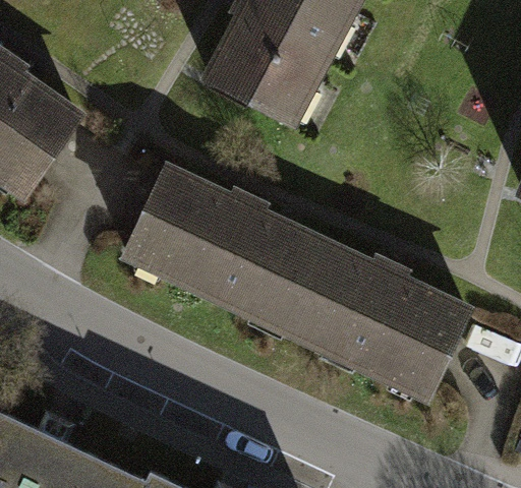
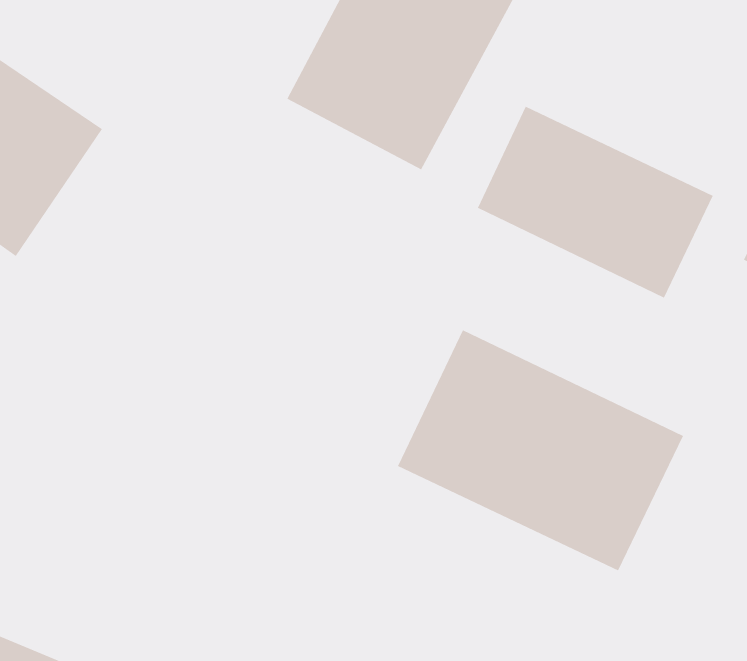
building: none -> [477,106,713,299]
building: [128,167,320,327] -> none

